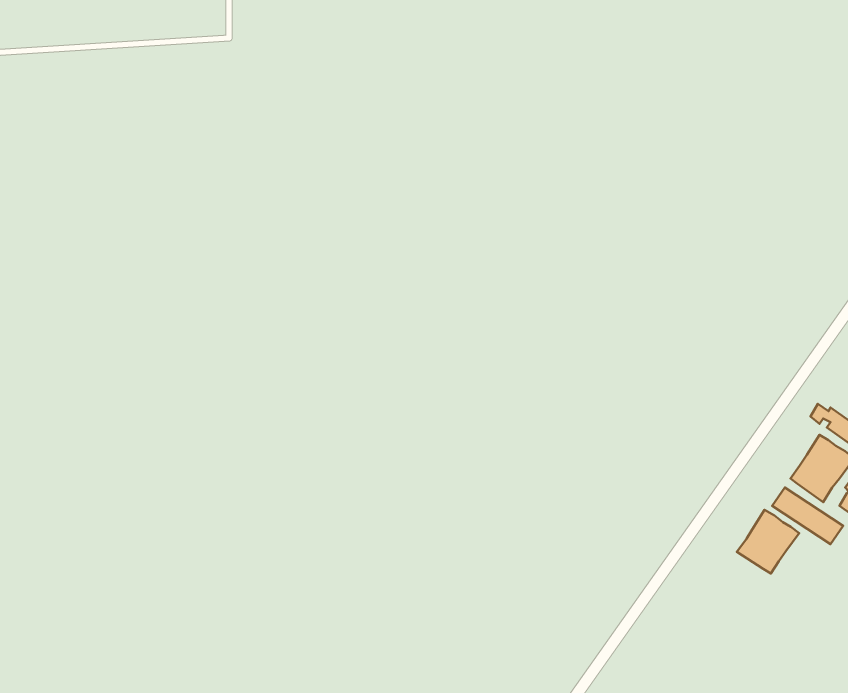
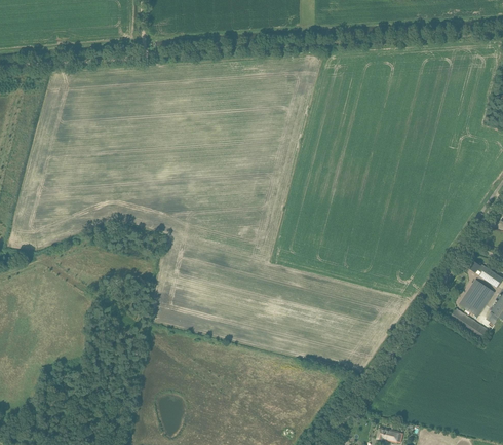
building: [737,510,799,574] -> none

